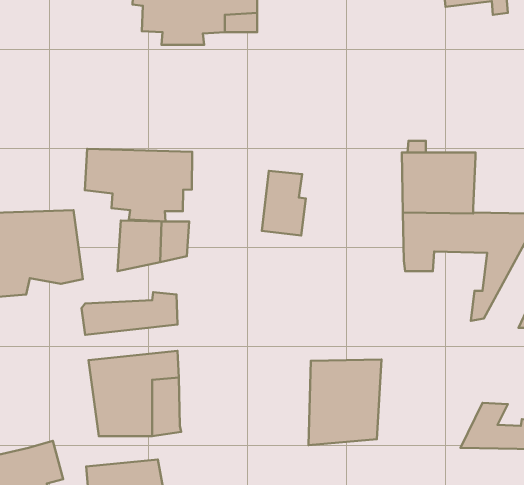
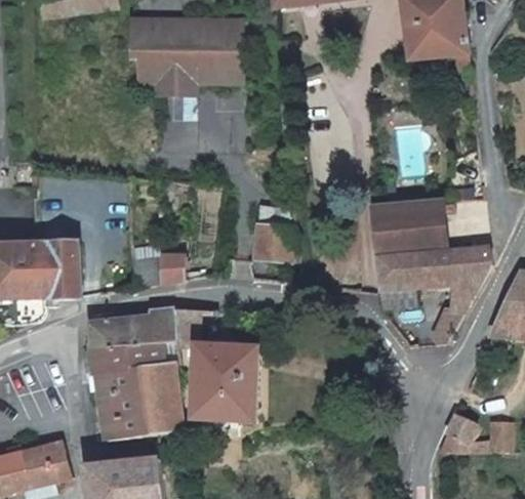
building: [85,149,192,222] -> none
building: none -> [92,339,174,371]
building: [309,360,381,445] -> [193,345,257,421]

